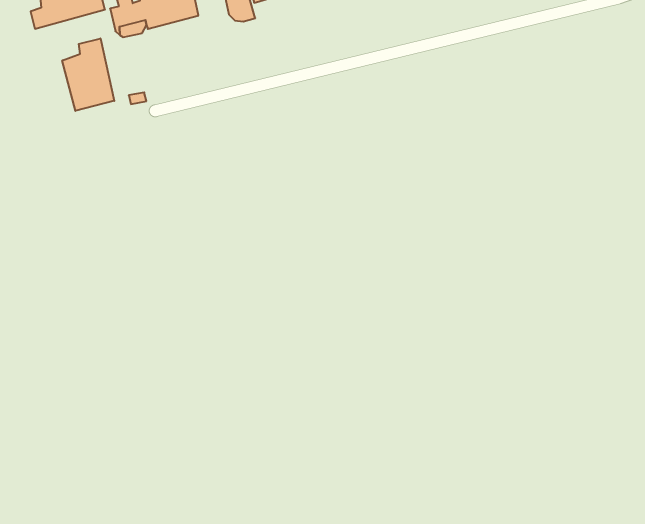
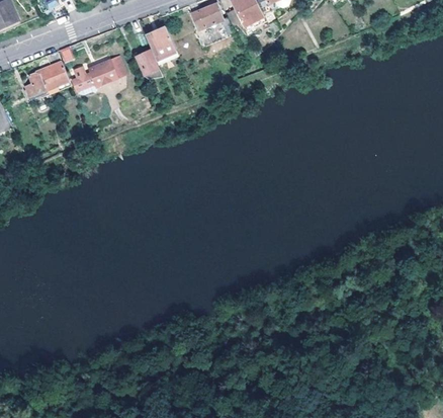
building: [62,38,114,111] -> none

